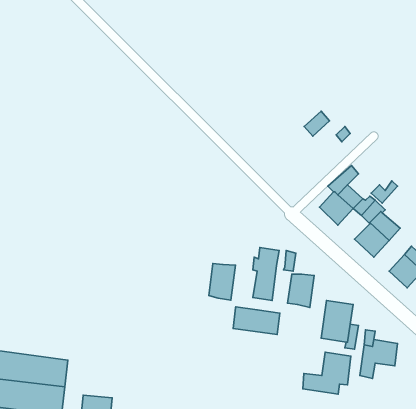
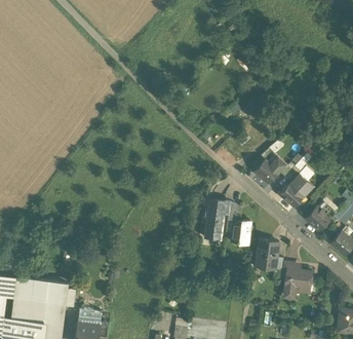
building: [209,263,236,300] -> none
building: [233,307,280,335] -> none
building: [303,352,351,394] -> none

